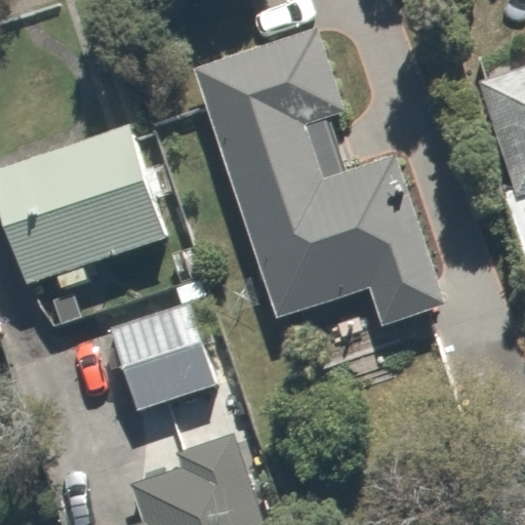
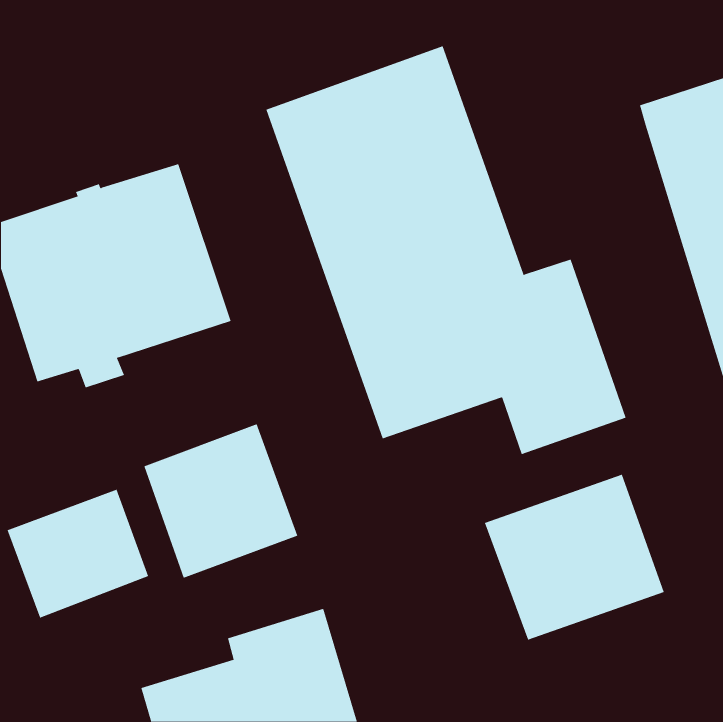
building: none -> [484,474,665,640]
building: none -> [7,489,149,618]

